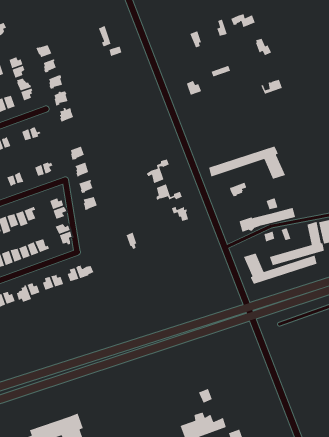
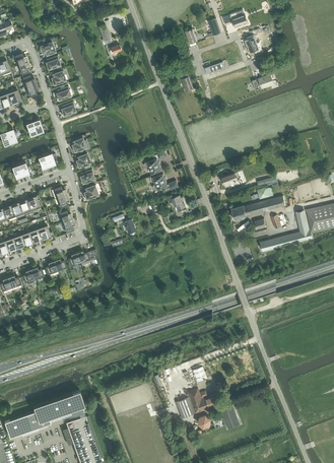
building: [208,145,286,180] -> none
building: [243,252,318,285] -> none

